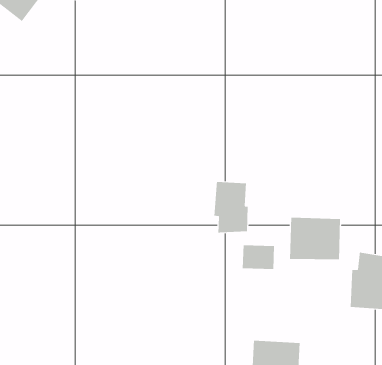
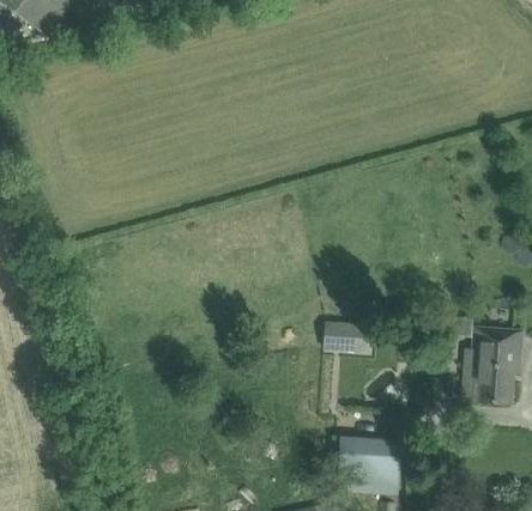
building: [214,181,248,234] -> none
building: [289,217,341,260] -> none

